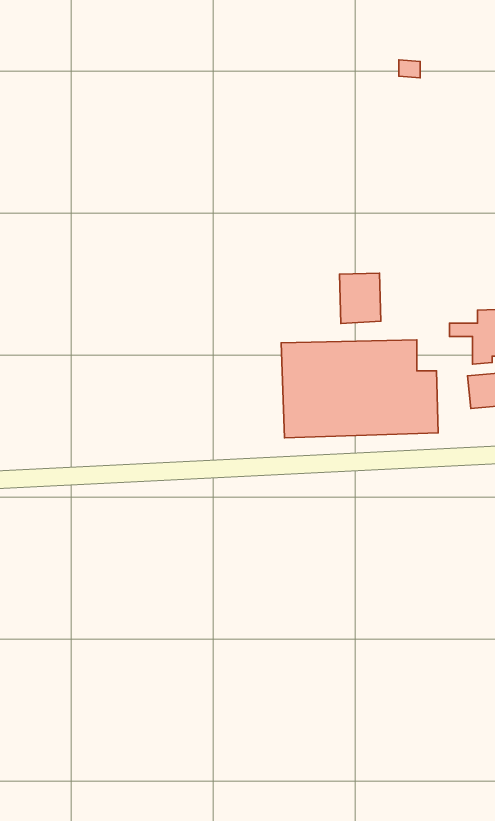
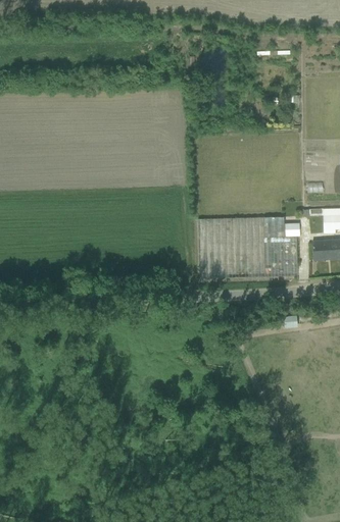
building: [339,273,381,323] -> none

